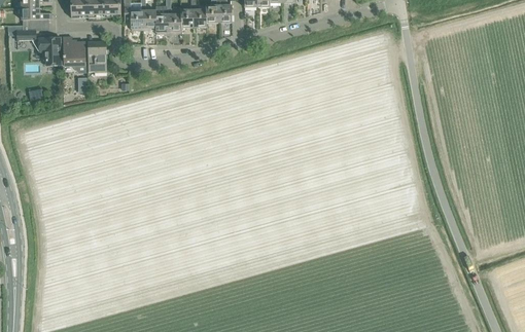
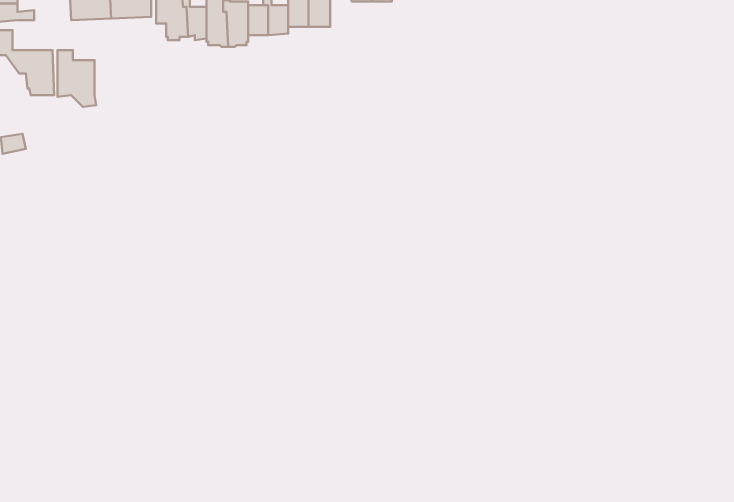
building: [90,41,107,70] -> none

